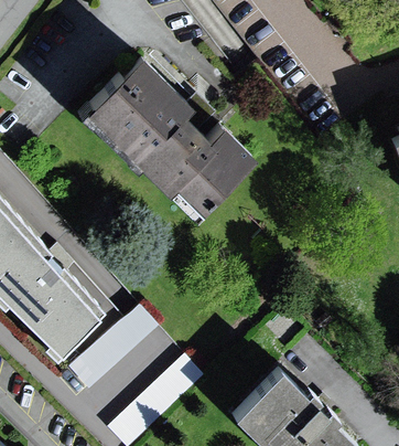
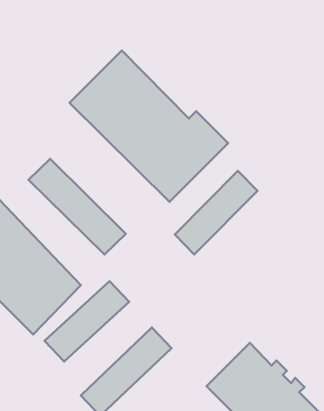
building: none -> [29,159,126,255]
building: none -> [175,171,257,255]

